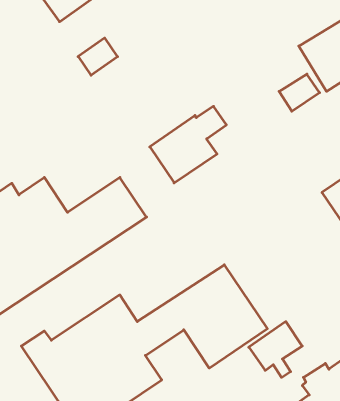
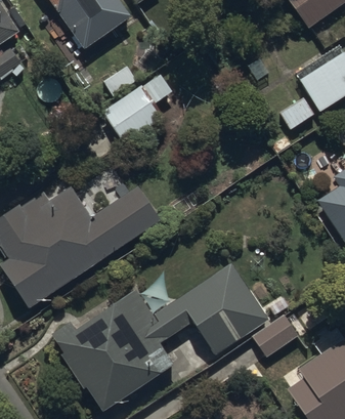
building: [150,106,226,183] -> [102,76,170,143]

